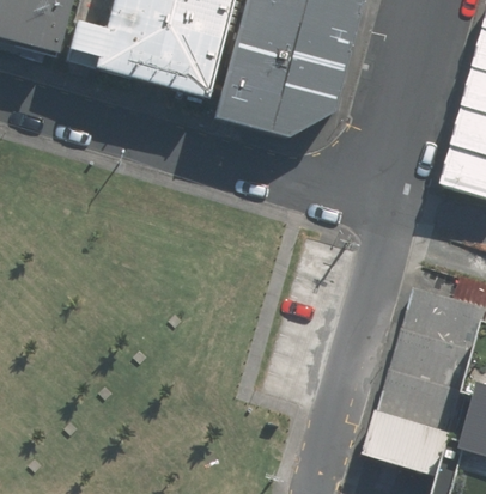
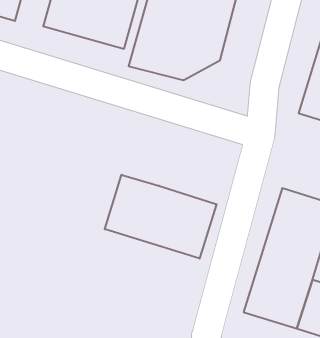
building: none -> [105,175,216,259]

